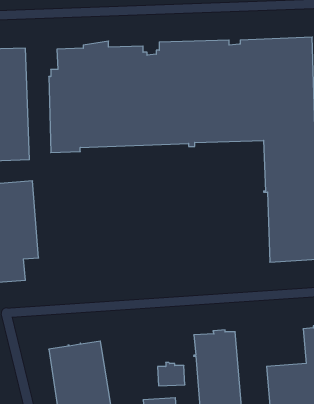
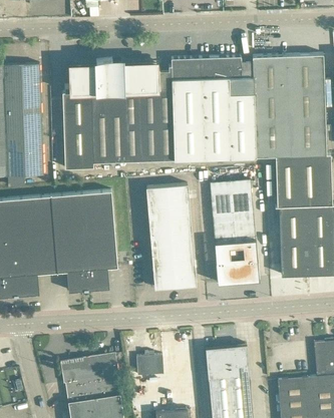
building: none -> [210,181,259,285]
building: none -> [146,186,196,289]
building: none -> [46,191,117,292]
building: [158,362,185,386] -> [136,353,163,376]

